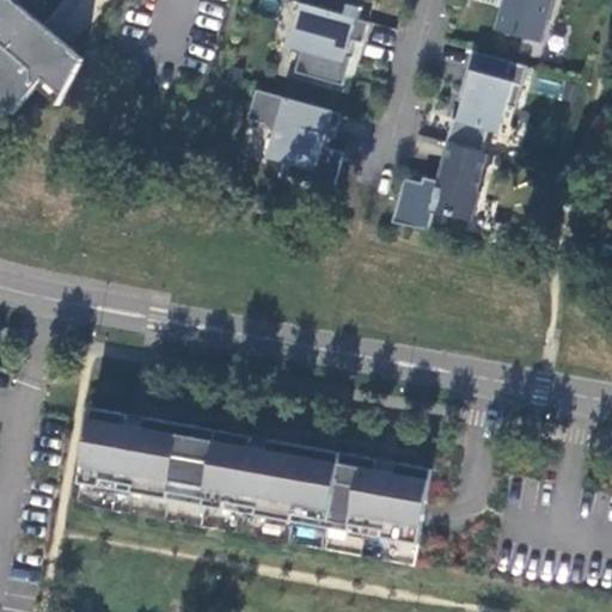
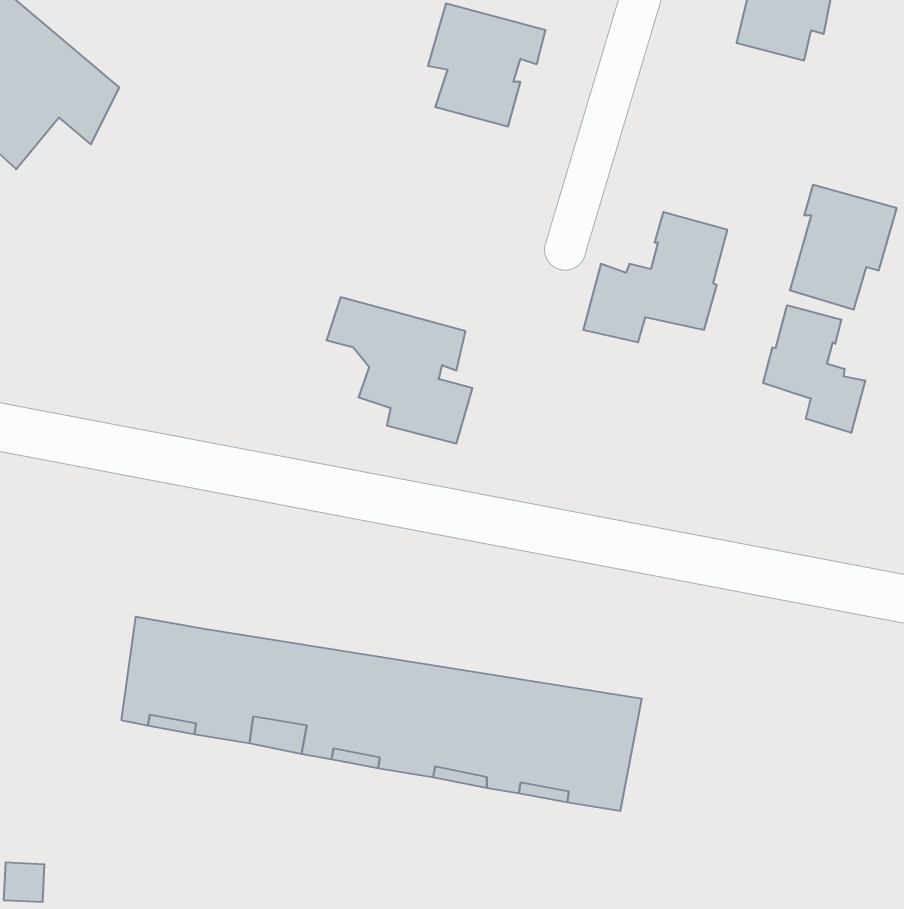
building: [454,50,526,134] -> [790,185,897,310]
building: [245,90,343,188] -> [326,297,473,443]
building: none -> [763,305,865,433]

